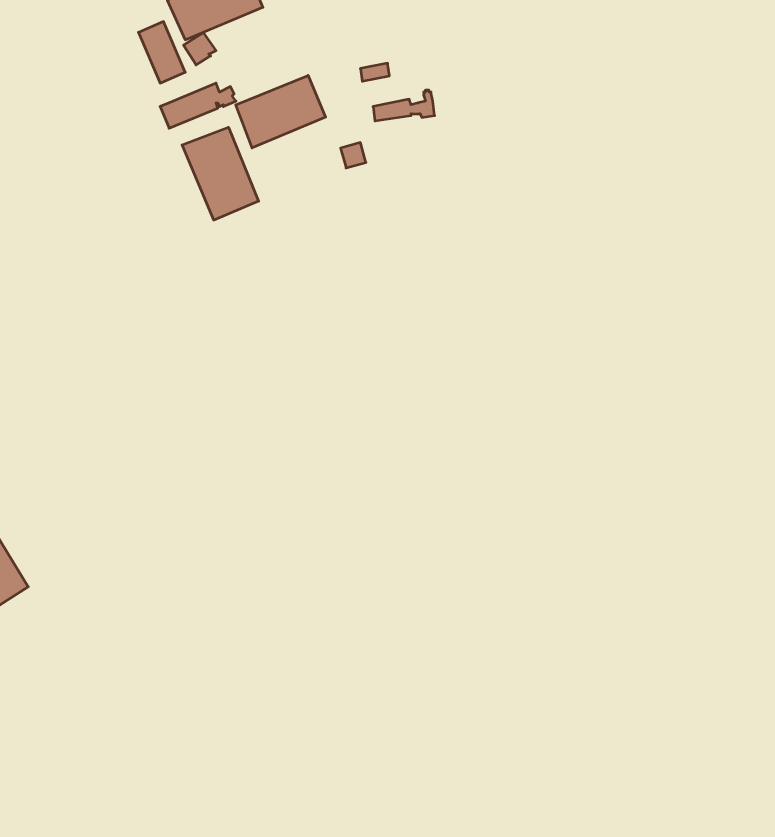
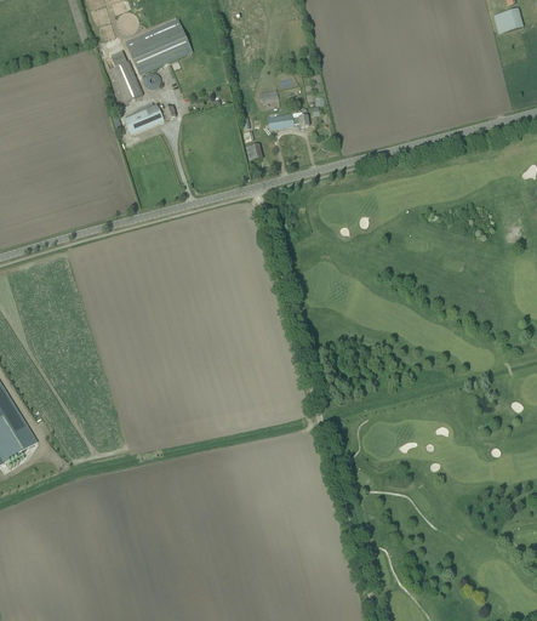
building: [236,75,326,148] -> none
building: [182,127,259,220] -> none

